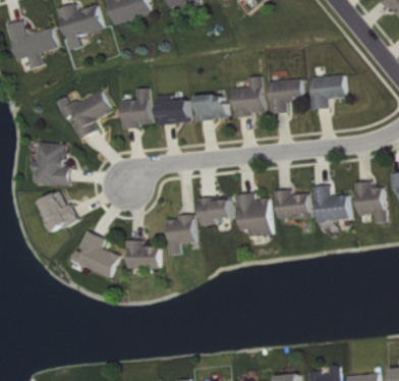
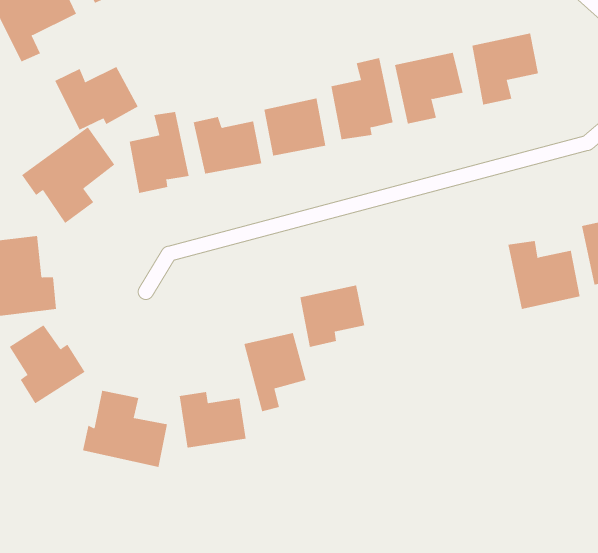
building: none -> [54,66,139,131]
building: [274,189,309,220] -> none
building: [237,194,271,236] -> none

